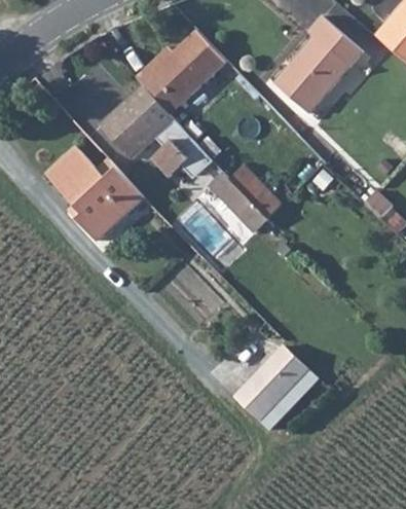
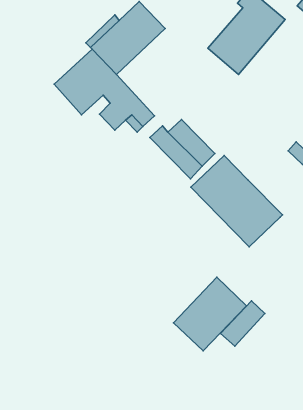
building: [45,146,143,241] -> none
building: none -> [191,155,283,247]
building: none -> [220,301,265,346]

